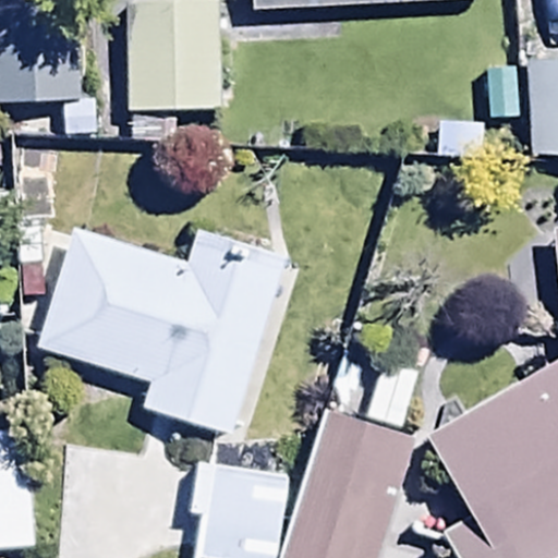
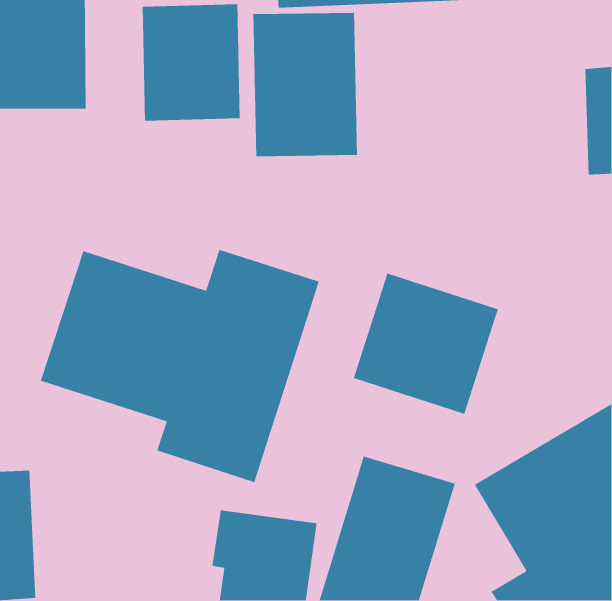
building: none -> [253,12,358,157]
building: none -> [353,273,499,415]

